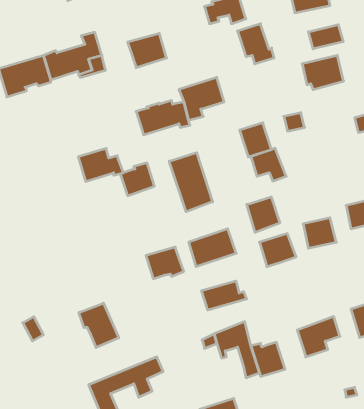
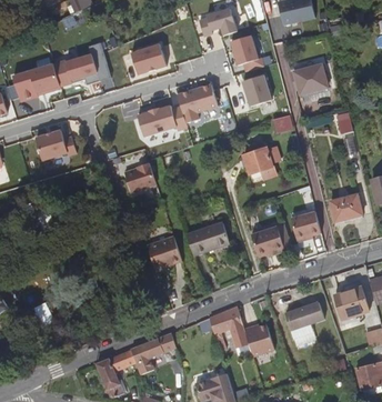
building: [308,25,343,49] -> none
building: [240,123,271,157] -> [242,74,271,105]
building: [78,148,123,181] -> [34,130,76,160]
building: [169,153,213,212] -> none
building: [247,197,280,232] -> none
building: [202,281,247,310] -> none
building: [79,303,119,348] -> none

